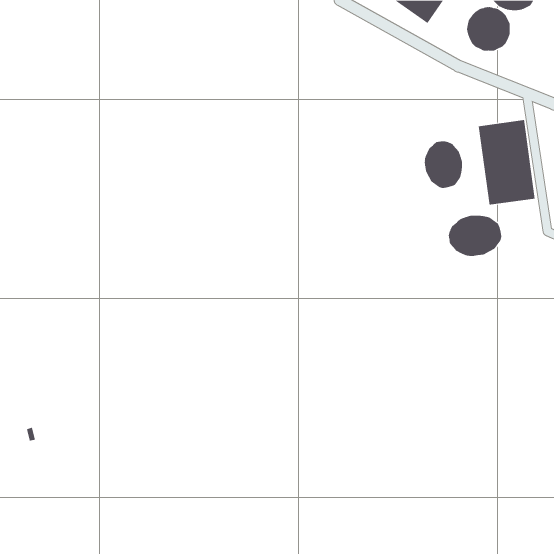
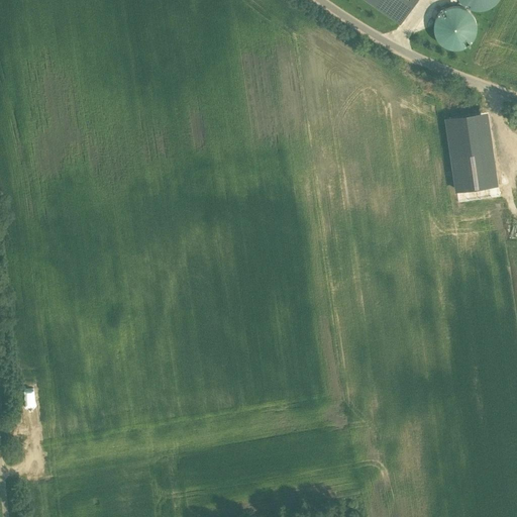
building: [424,140,463,189] -> none
building: [448,215,502,257] -> none

